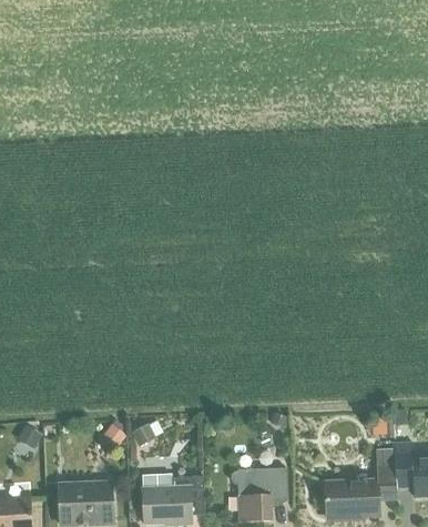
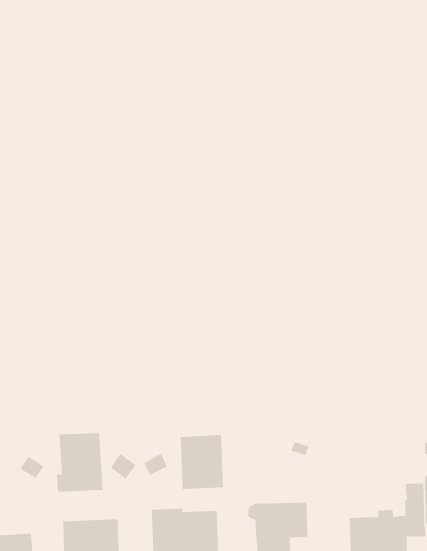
building: none -> [57,433,103,492]
building: none -> [180,434,224,490]

